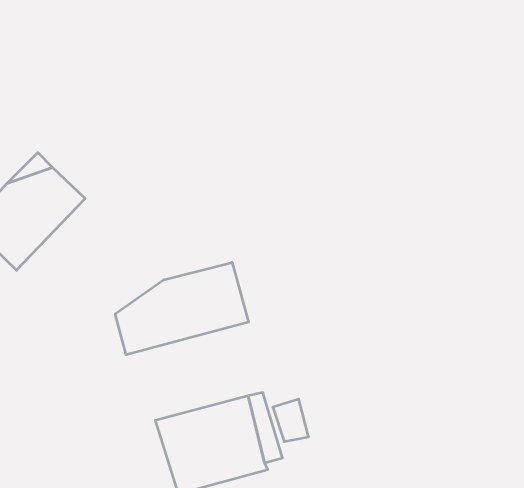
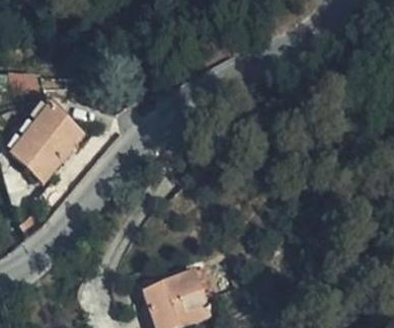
building: [115,262,249,355] -> none

